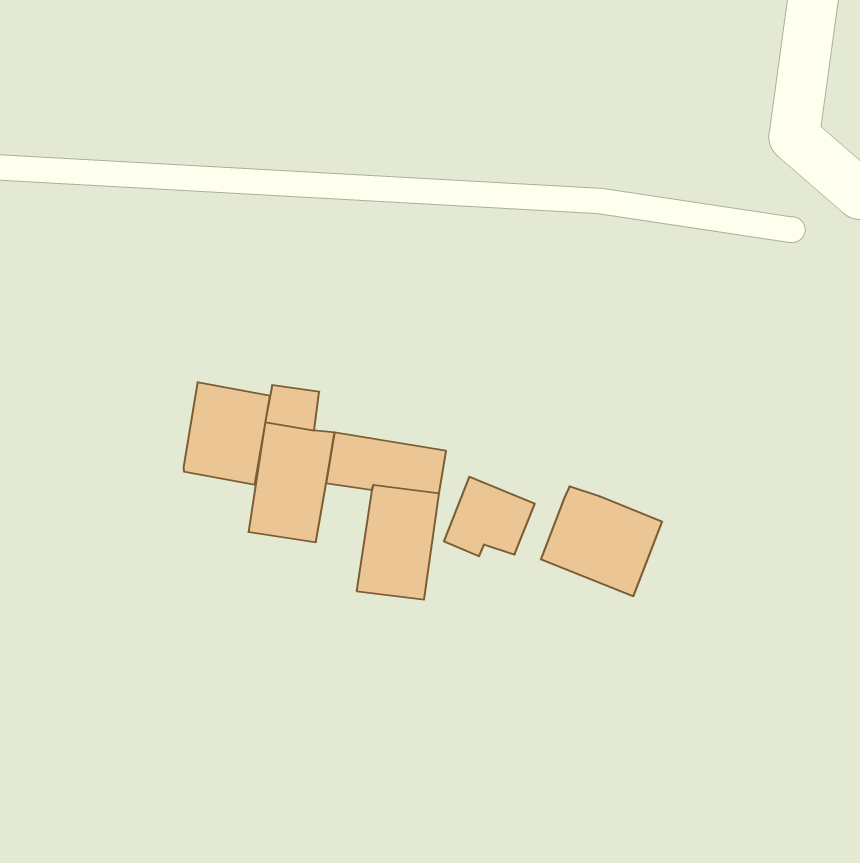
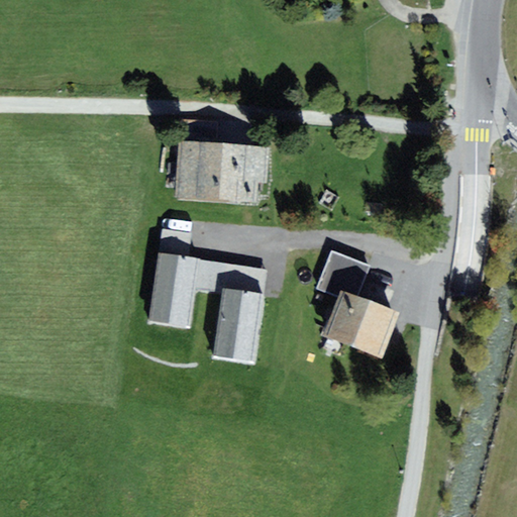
building: none -> [174,140,269,204]
building: [184,382,270,485] -> none
building: [444,477,535,556] -> [316,250,371,298]

